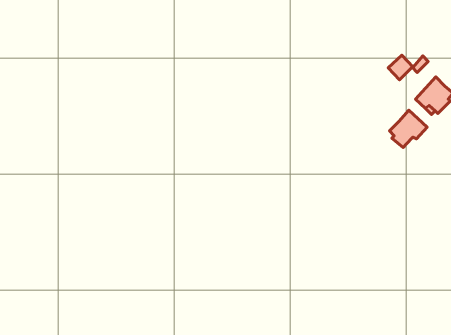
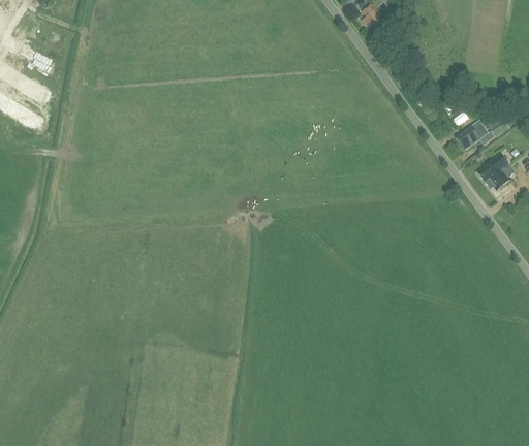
building: [389,110,427,148] -> none

